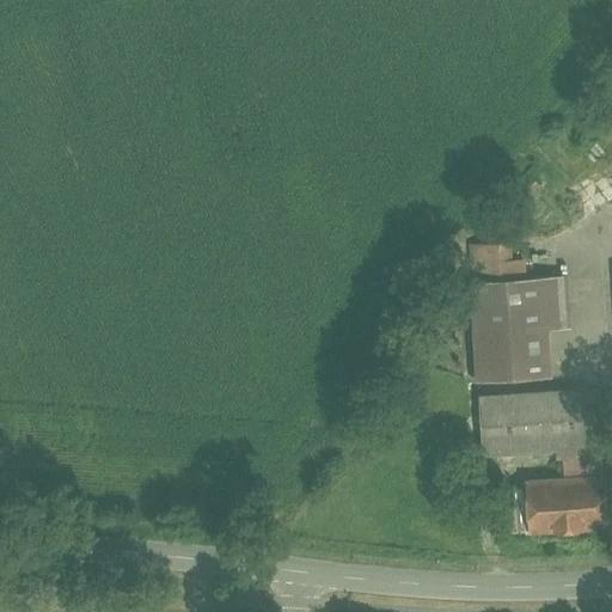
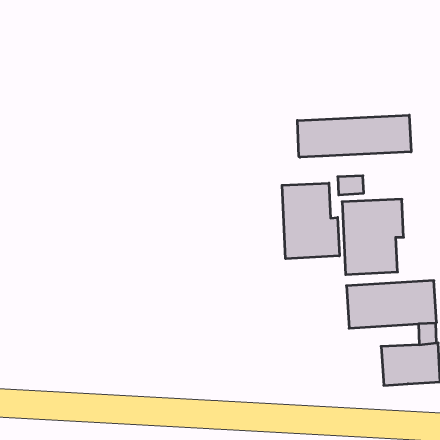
building: none -> [297,115,411,157]
building: none -> [282,183,339,259]

